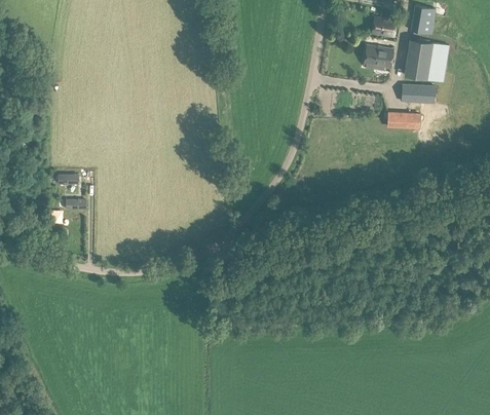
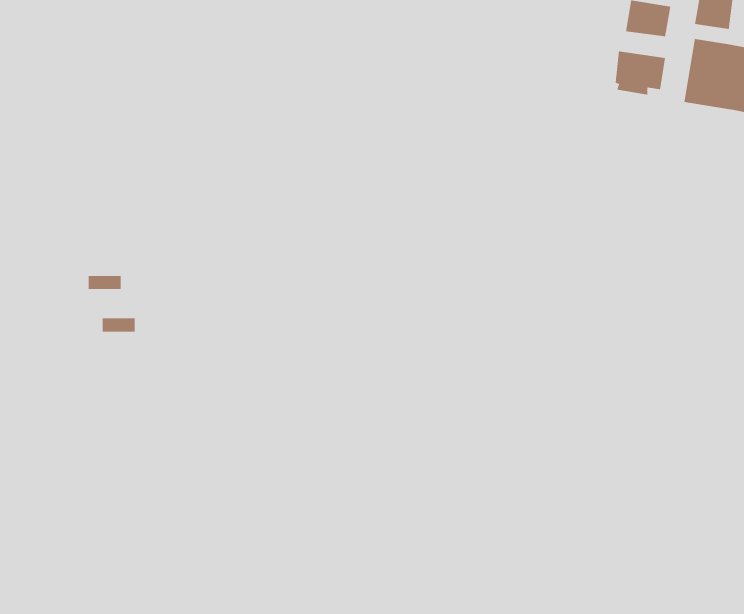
building: [401,85,435,106] -> none
building: [386,111,420,129] -> none

